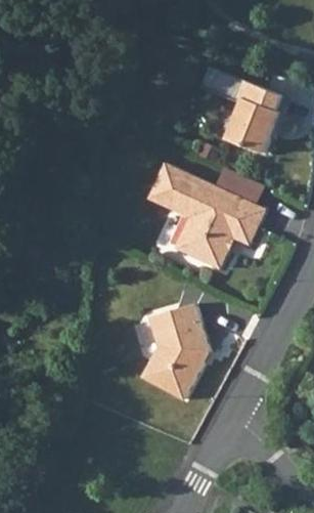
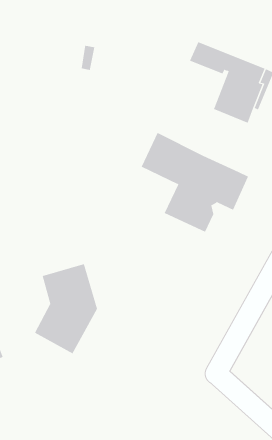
building: [216,169,262,205] -> none
building: [140,303,208,399] -> [34,263,98,354]

